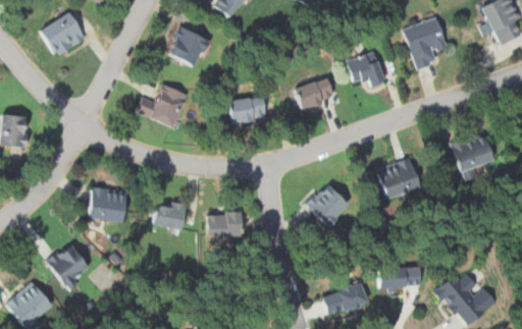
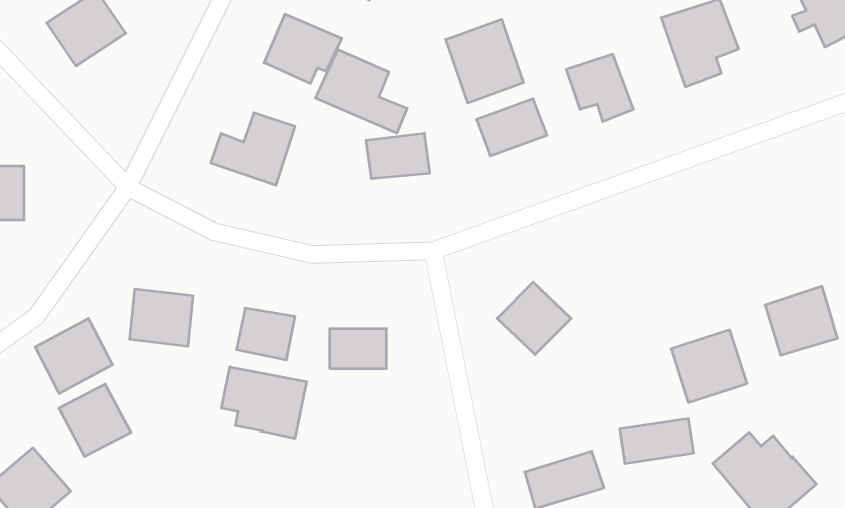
building: none -> [446,19,524,103]
building: none -> [316,50,407,133]
building: [451,130,493,171] -> [765,286,838,355]
building: [376,156,421,199] -> [671,330,747,402]
building: none -> [35,318,113,394]
building: none -> [221,367,307,439]

